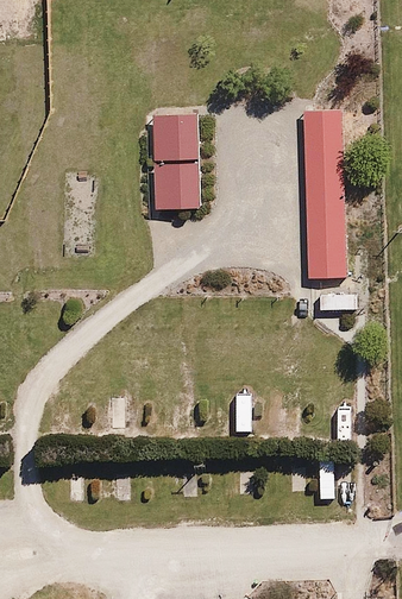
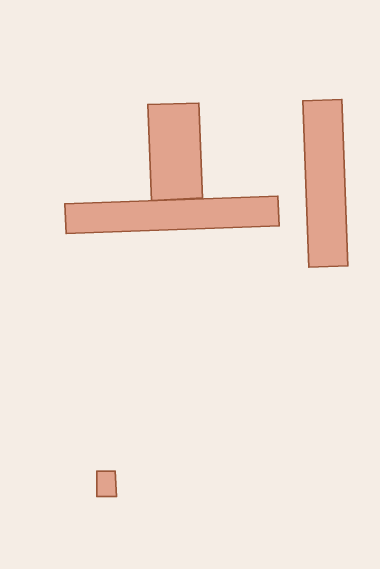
building: none -> [65,196,279,233]

